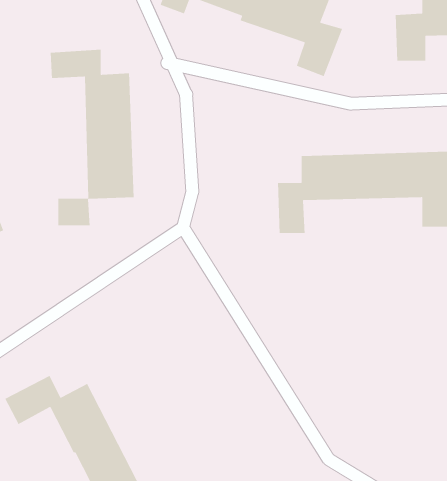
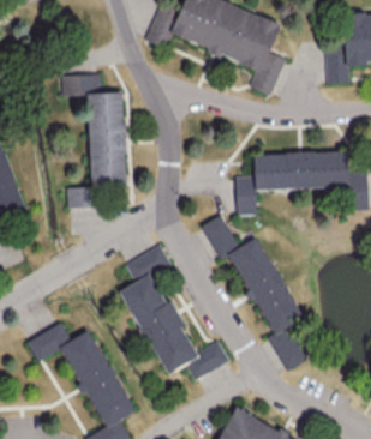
building: none -> [202,215,309,371]
building: none -> [120,245,229,379]

